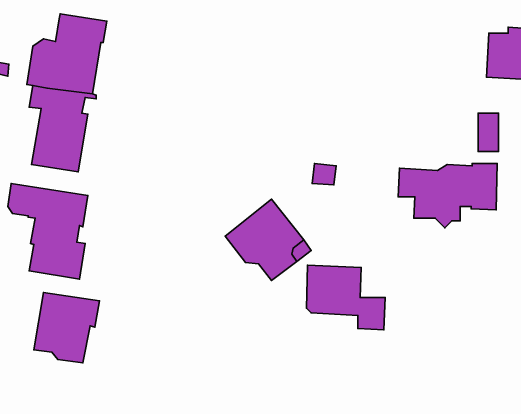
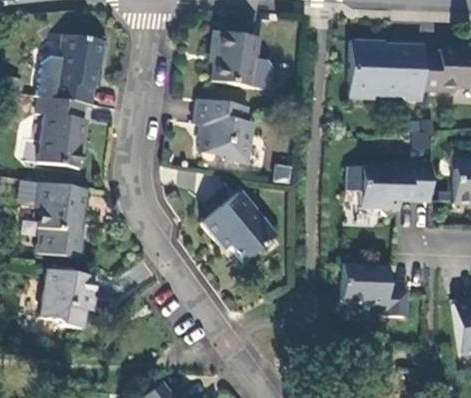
building: none -> [211,31,257,87]
building: none -> [349,40,423,100]
building: none -> [194,99,253,163]
building: [306,265,385,330] -> [342,263,408,317]

